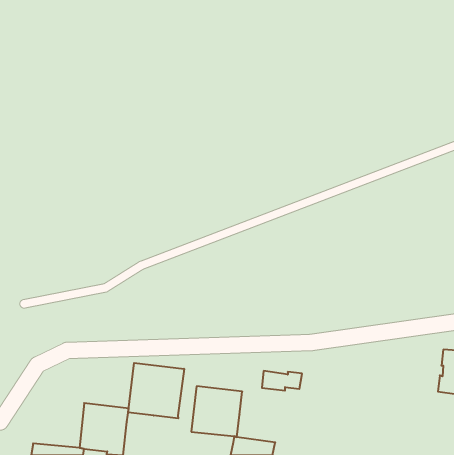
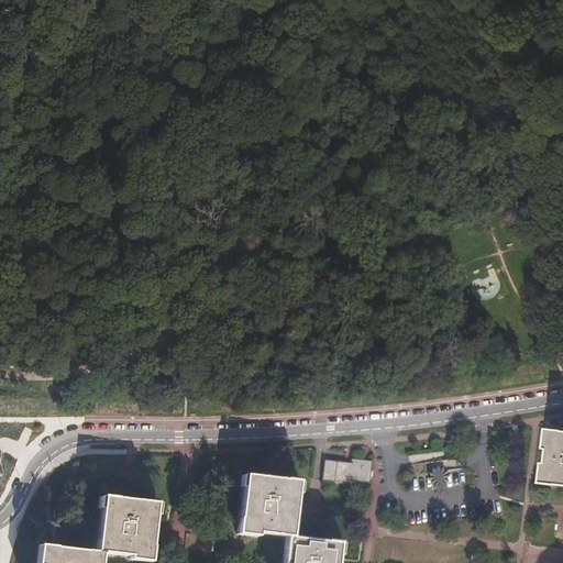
building: [128,363,184,418] -> none

